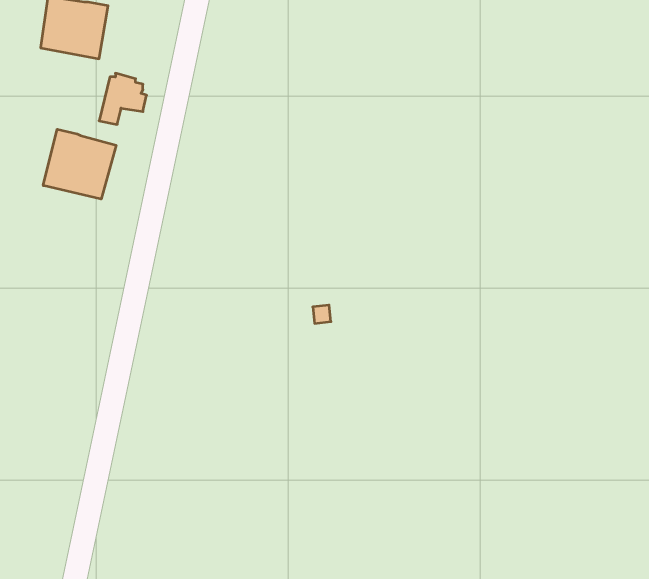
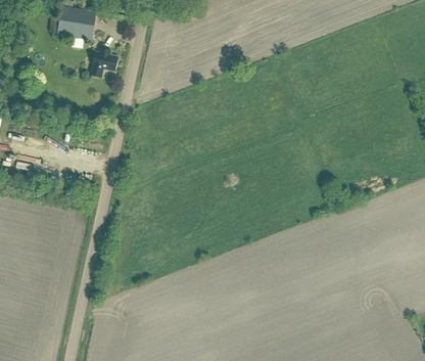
building: [43,129,116,199] -> none

